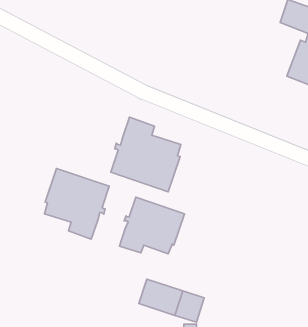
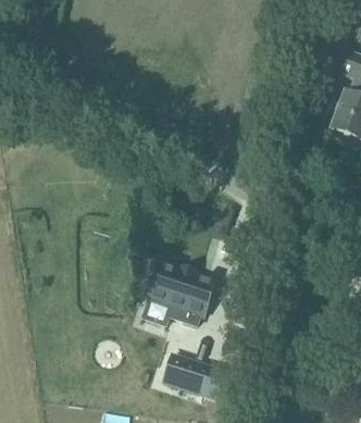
building: [111,117,181,192] -> none
building: [44,168,109,239] -> none

